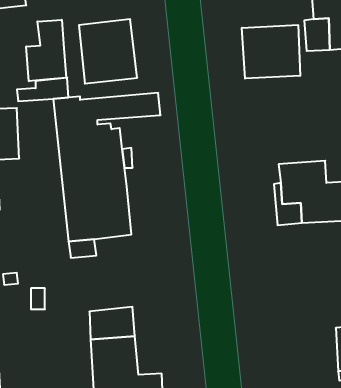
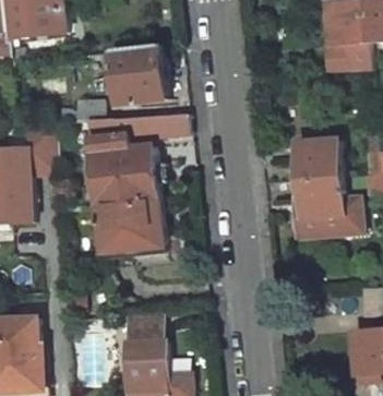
building: [26,20,66,81] -> none
building: [242,25,300,79] -> none
building: none -> [295,141,340,180]

